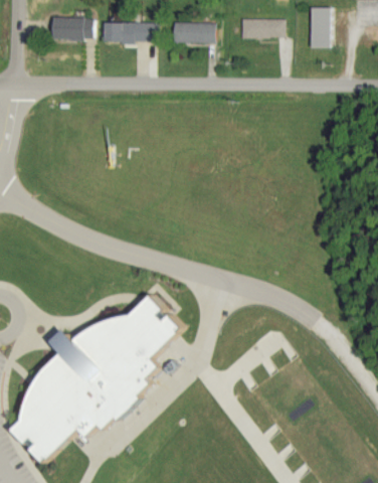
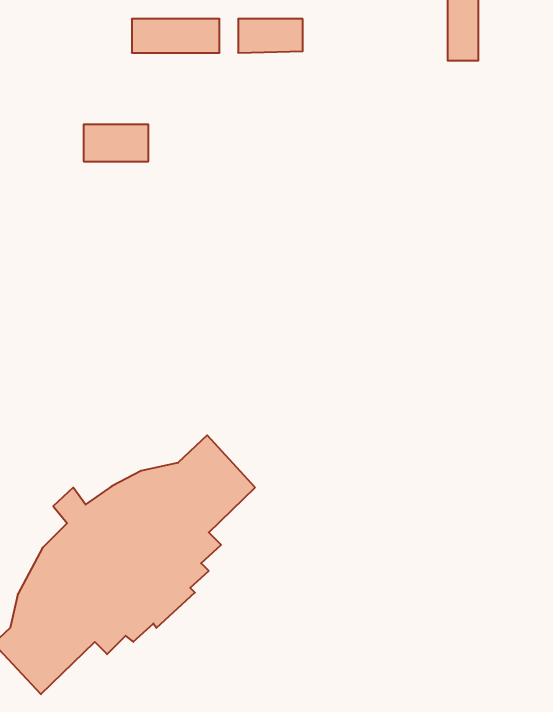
building: [49,16,91,40] -> [84,124,148,161]
building: [242,18,282,37] -> none

